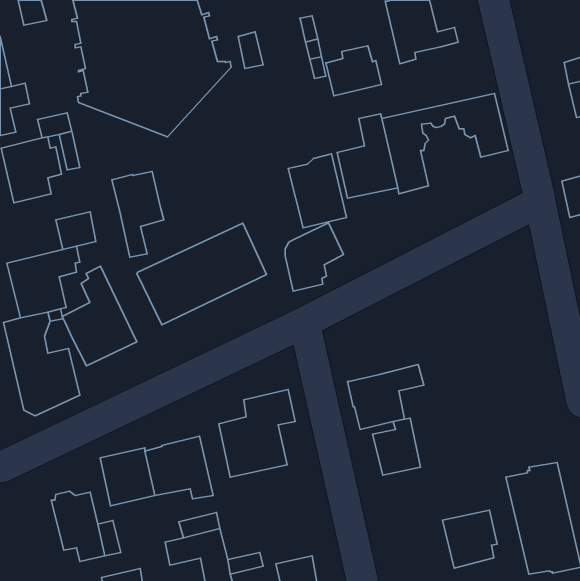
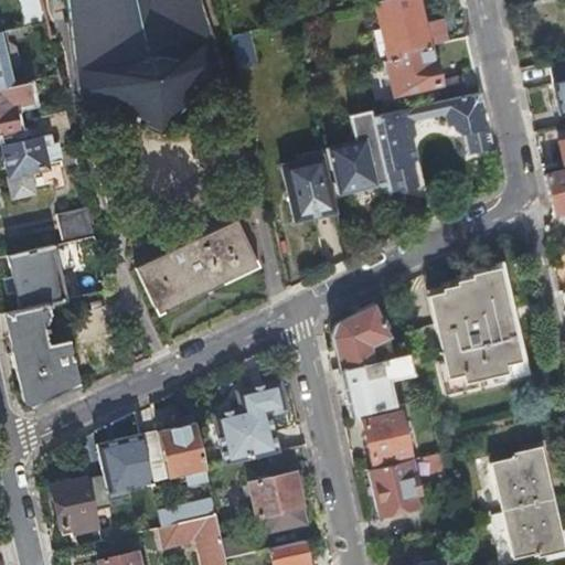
building: [326,46,382,96] -> [388,46,443,95]
building: [112,171,164,257] -> none
building: [285,223,343,291] -> [332,305,388,371]
building: [62,266,137,366] -> none
building: none -> [429,269,521,382]
building: none -> [248,471,306,531]
building: [443,510,497,568] -> [367,459,420,515]

